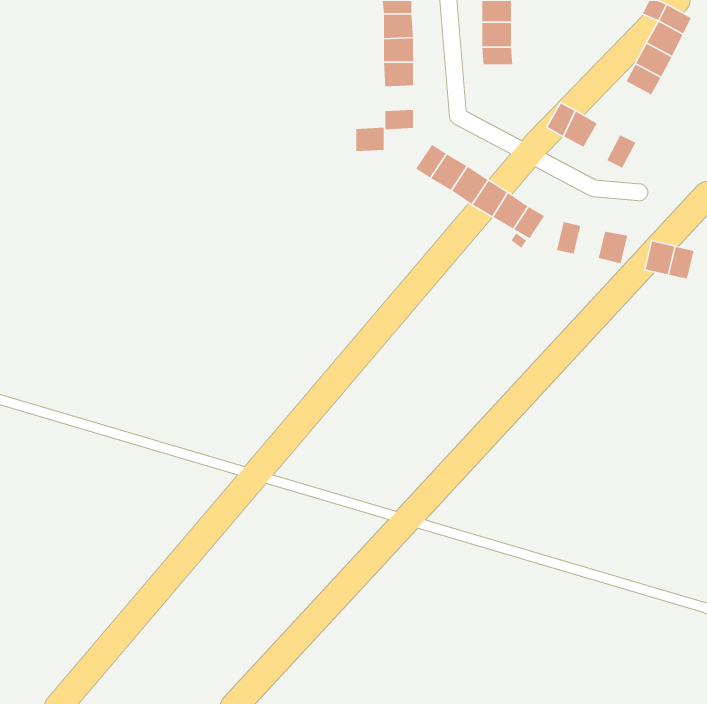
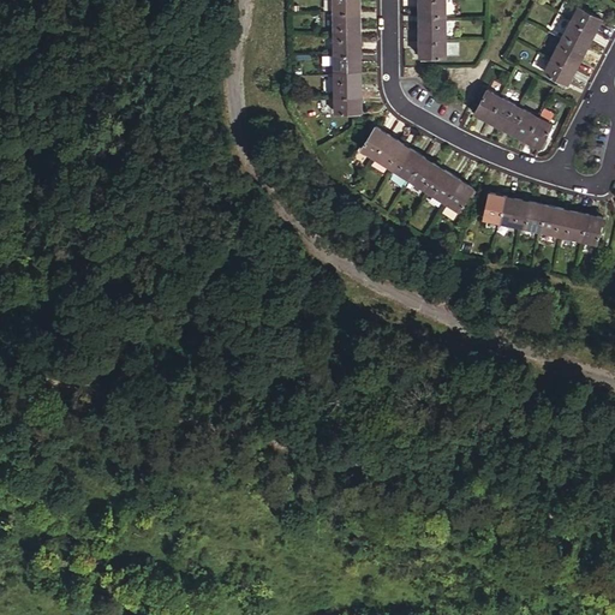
building: none -> [507,109,538,142]
building: [356,127,385,152] -> [334,77,359,98]
building: none -> [498,198,525,227]
building: none -> [539,207,566,237]

